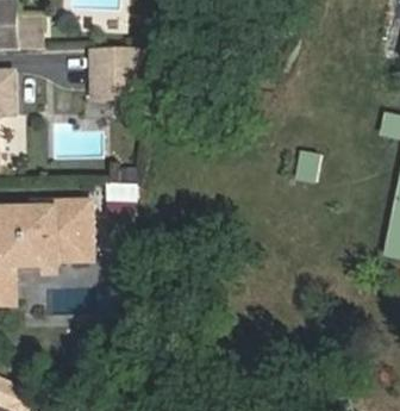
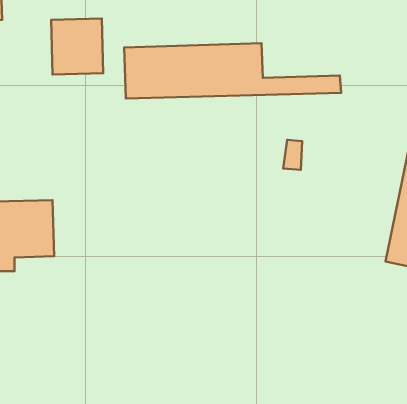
building: none -> [124,43,341,98]

